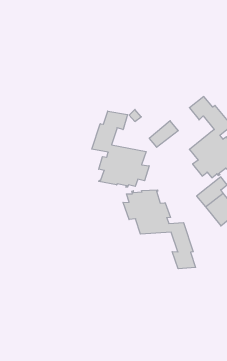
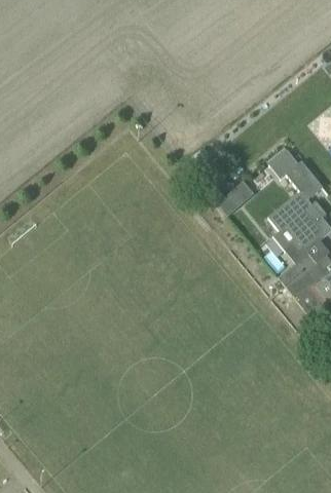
building: [92,111,149,187] -> none
building: [123,190,196,269] -> none

